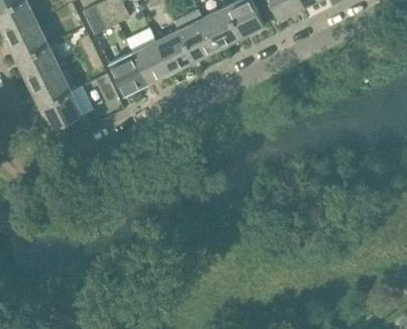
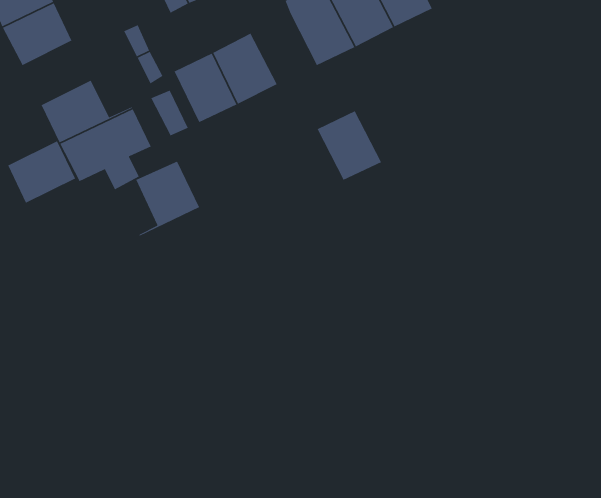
building: [156,29,195,72] -> [316,110,382,181]
building: [18,45,60,84] -> [7,140,76,204]
building: none -> [135,160,200,237]

